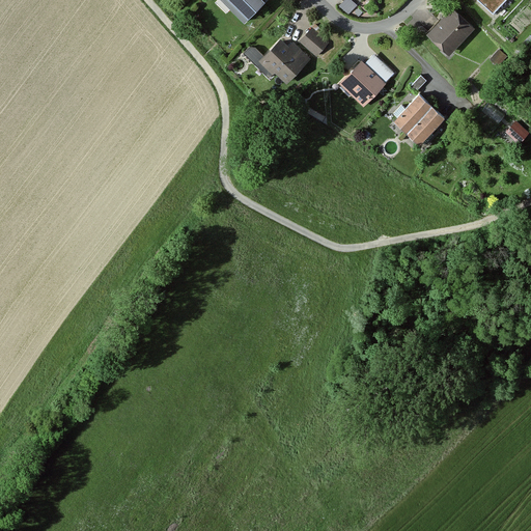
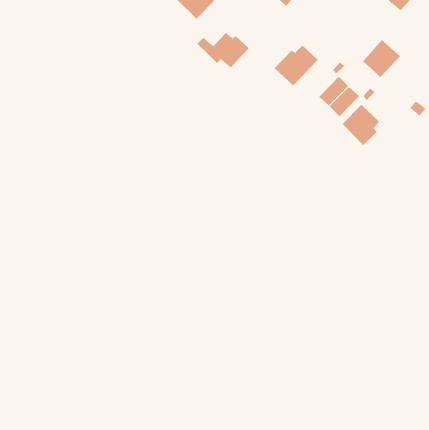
building: [427,7,475,55] -> [362,39,401,78]
building: [300,28,329,57] -> none
building: none -> [342,104,380,146]

